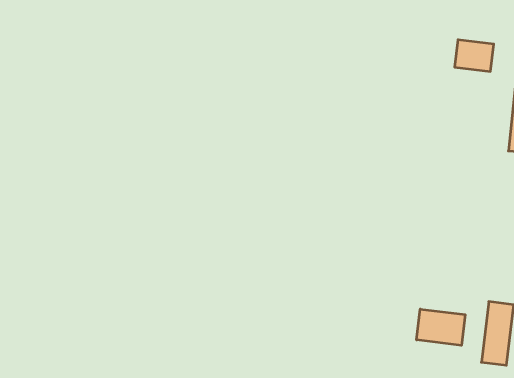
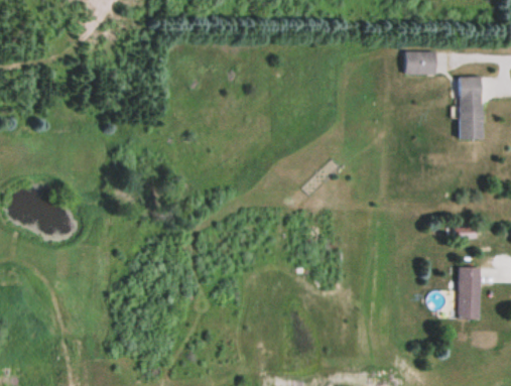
building: [417,309,465,345] -> none

